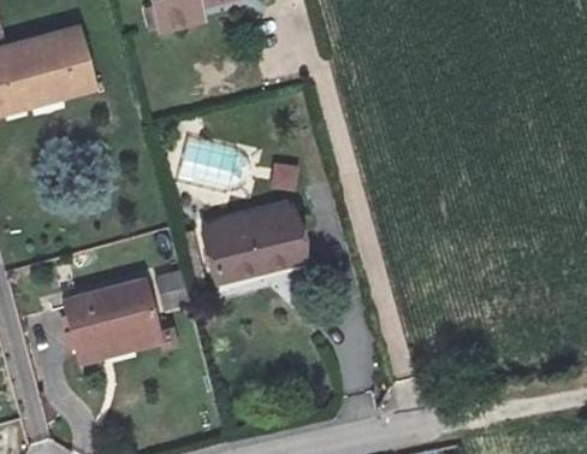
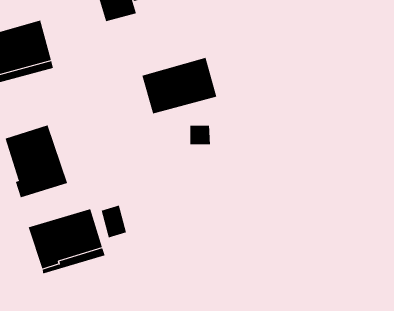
building: none -> [5,125,68,198]
building: [203,200,302,275] -> [141,57,217,114]

